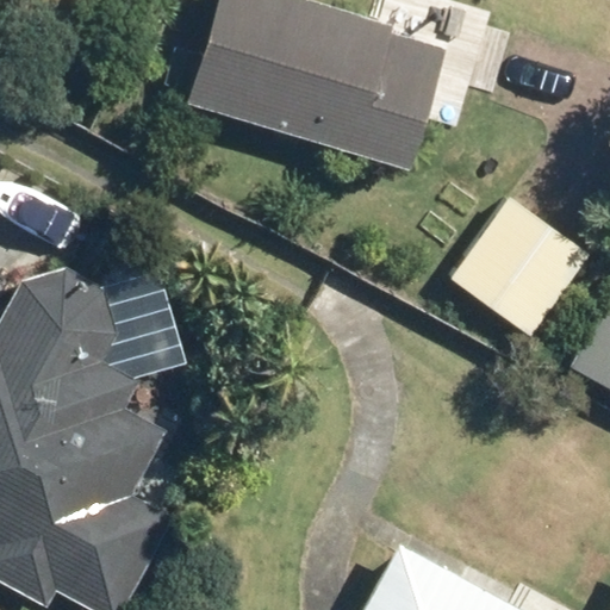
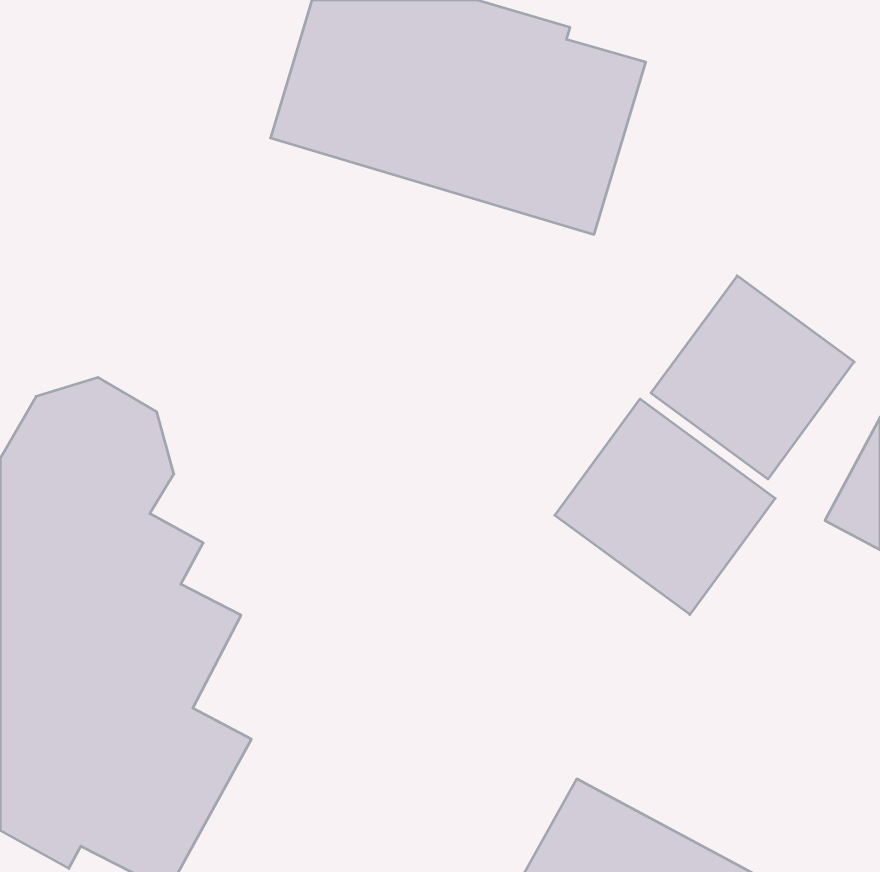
building: none -> [555,399,775,615]

